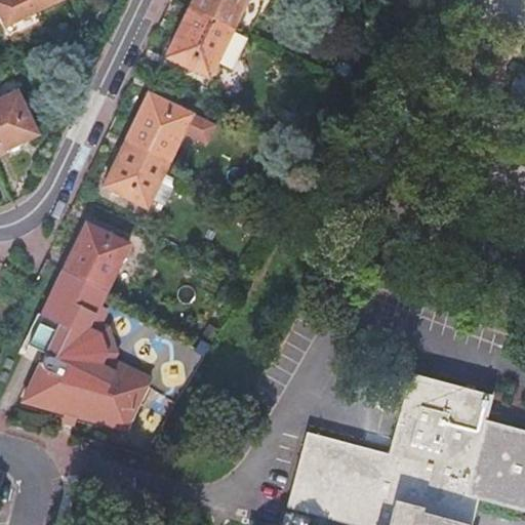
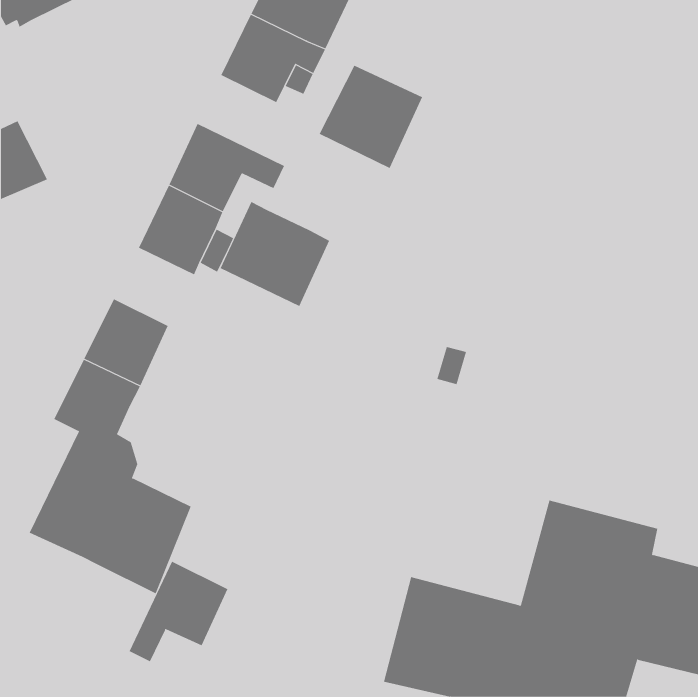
building: none -> [319,65,423,169]
building: none -> [220,201,330,307]
building: none -> [129,561,228,662]

